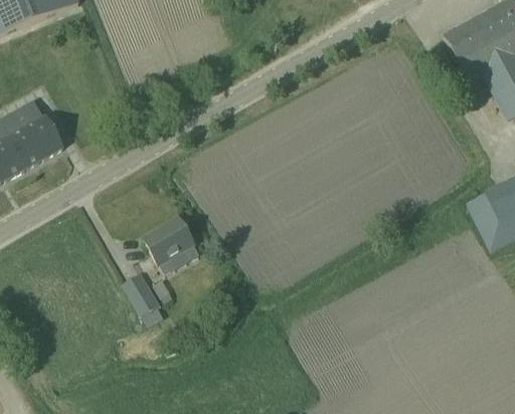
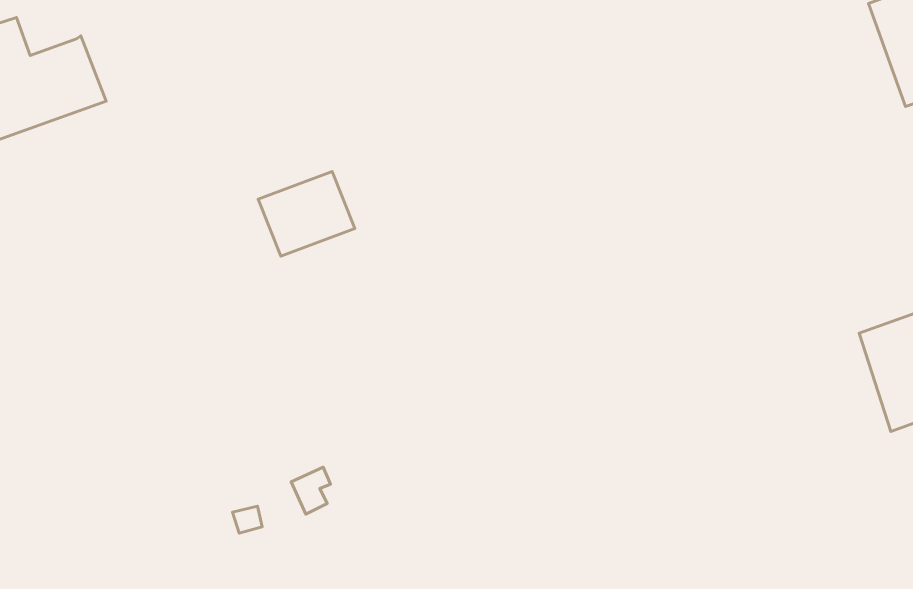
building: [144,217,195,264] -> [258,171,355,256]
building: [121,271,159,316] -> none

